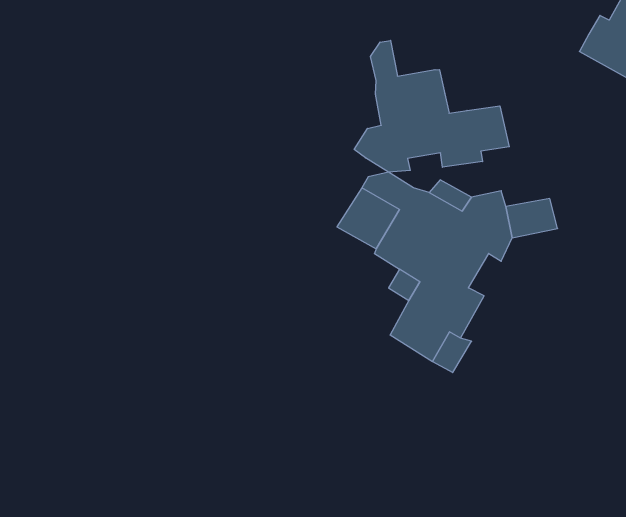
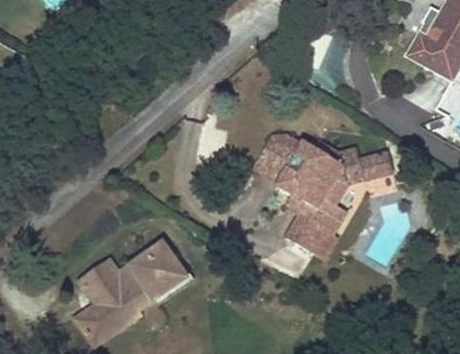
building: [354,40,509,172] -> none
building: none -> [76,242,187,344]

